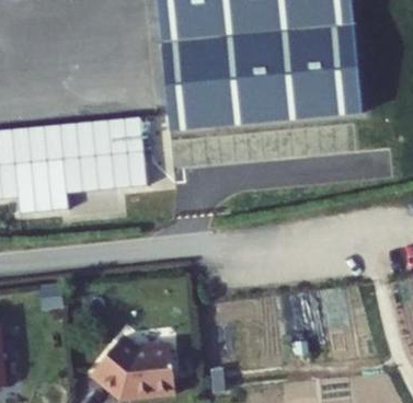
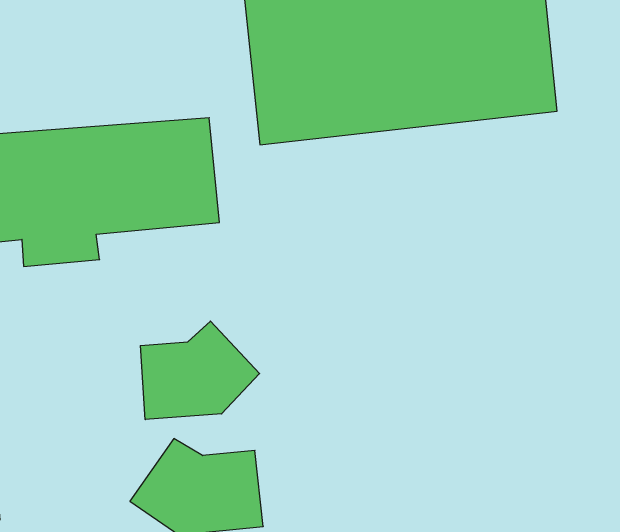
building: none -> [140,321,260,420]

